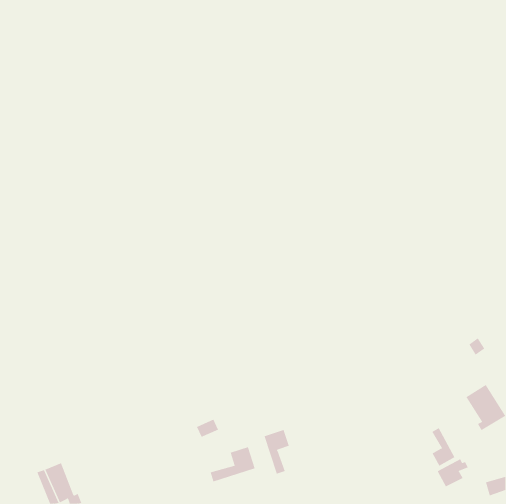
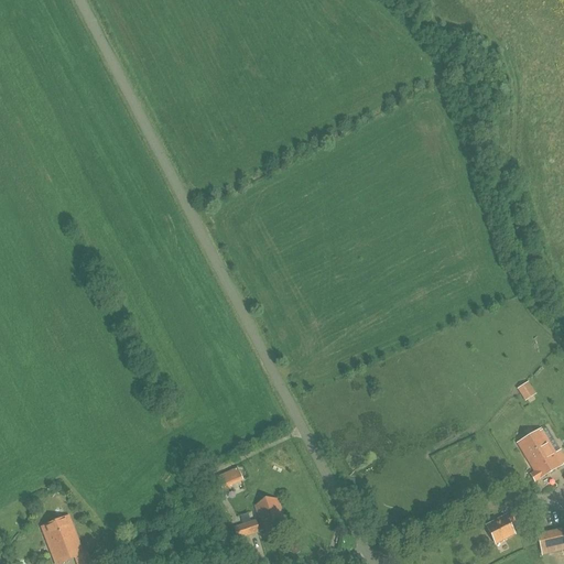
building: [432,427,455,467] -> none
building: [264,429,289,475] -> none

